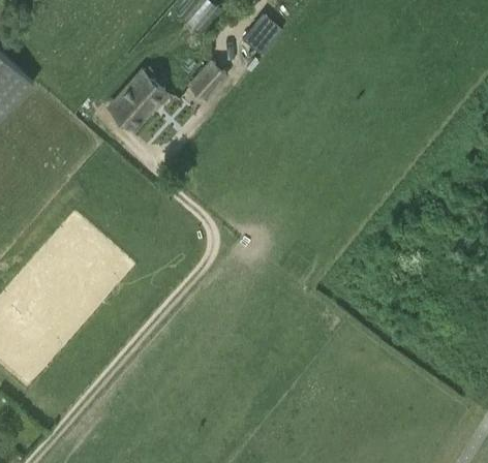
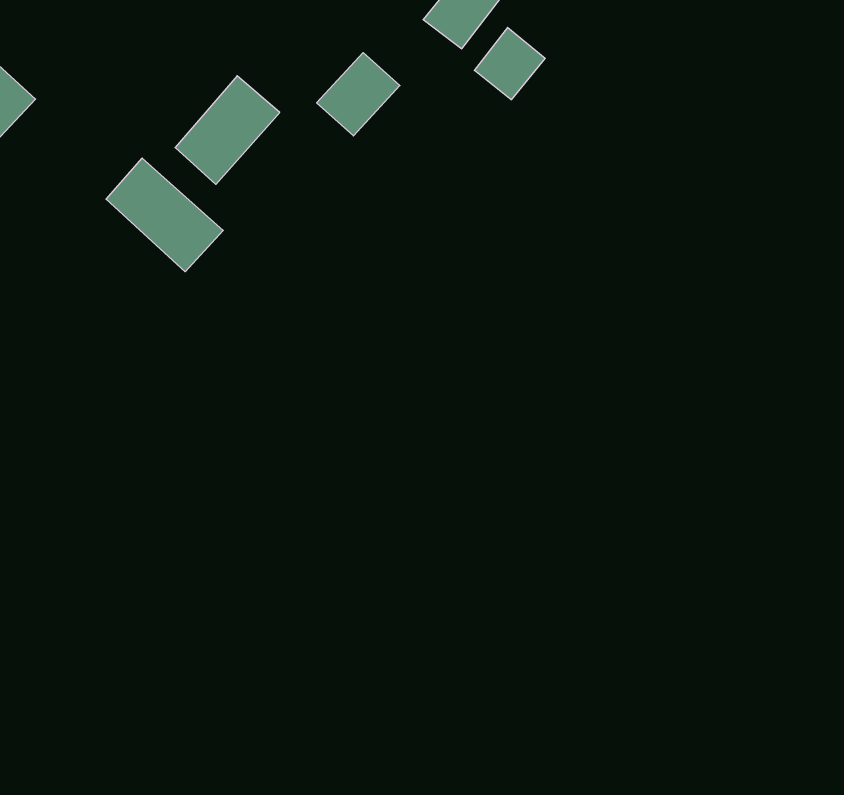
building: none -> [474,27,545,100]
building: none -> [106,158,223,272]

